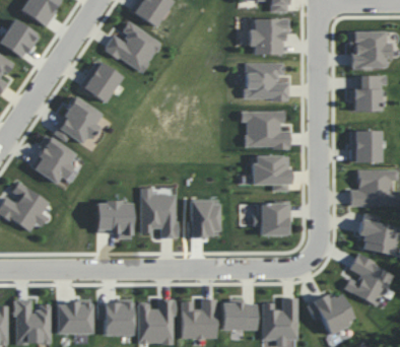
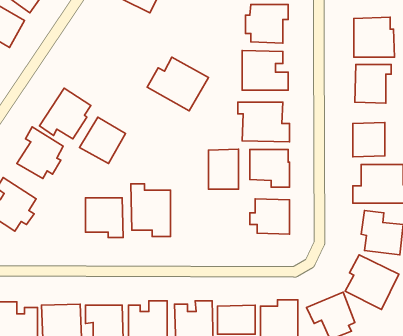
building: [105,22,162,73] -> [147,57,208,111]
building: [79,60,123,103] -> [80,117,126,163]
building: [191,199,219,236] -> [209,149,239,189]

